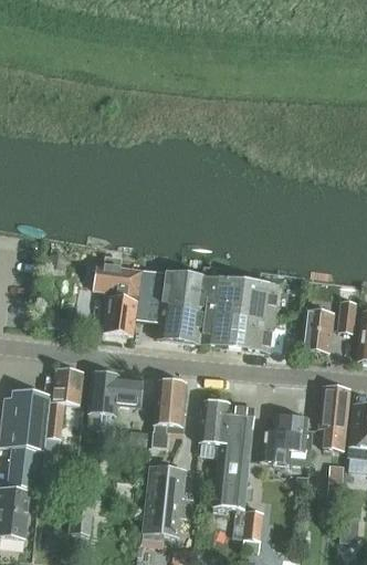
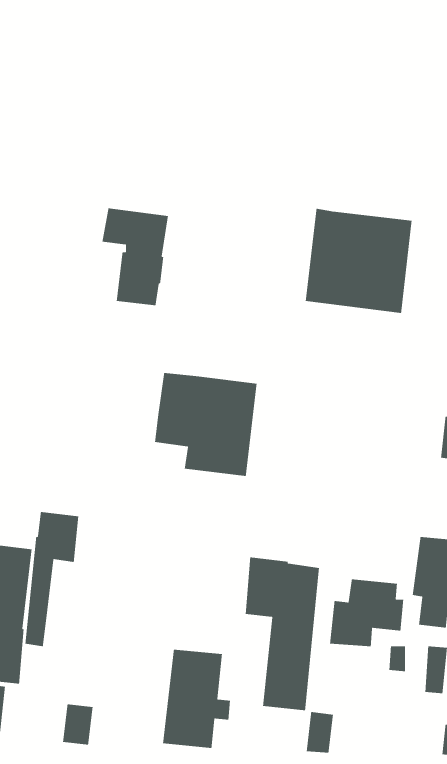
building: [94,264,141,334] -> [102,208,169,306]
building: [201,276,277,352] -> [305,208,413,314]
building: [302,308,334,352] -> none
building: [88,372,141,420] -> none
building: [151,379,186,447] -> none

